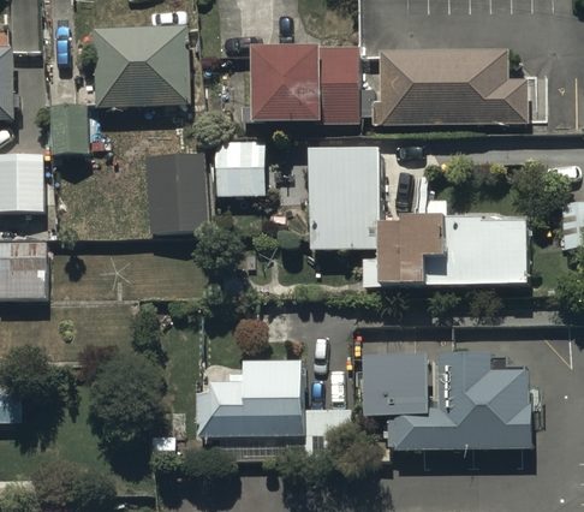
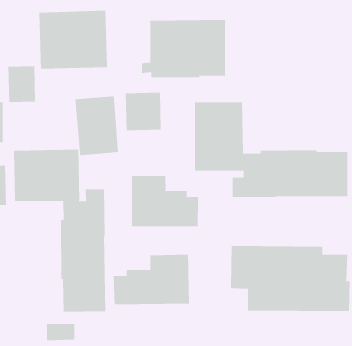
building: [370,43,525,117] -> none
building: none -> [13,149,106,313]
building: none -> [131,175,198,227]

